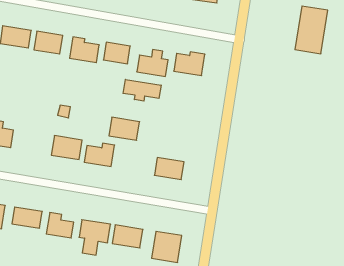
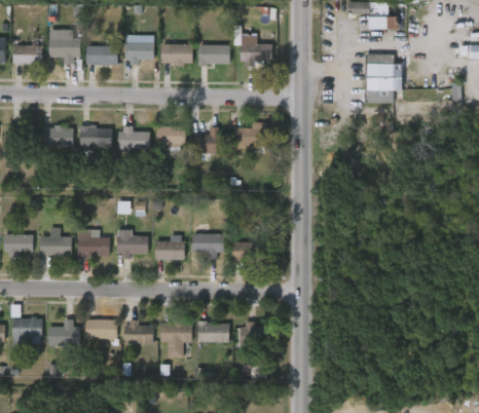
building: [123,79,161,101] -> none
building: [109,117,140,140] -> [192,234,223,255]
building: none -> [77,235,109,257]

